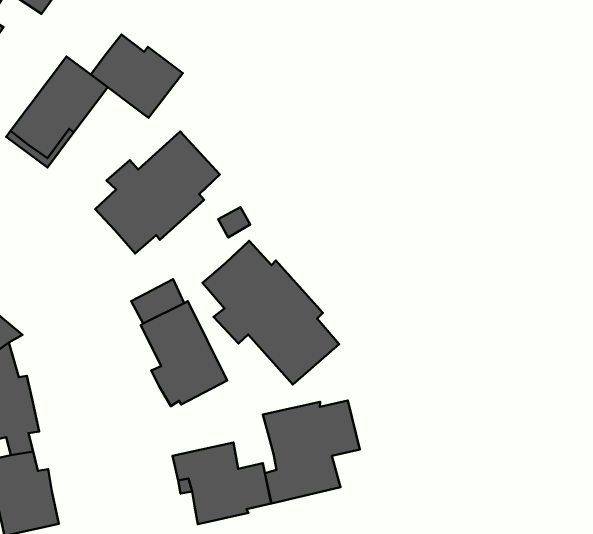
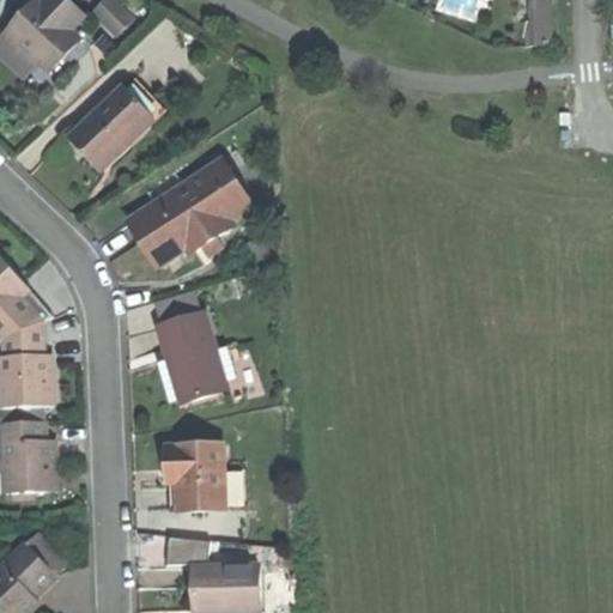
building: [91,35,183,118] -> none
building: [202,241,339,385] -> none
building: [263,401,360,503] -> none

